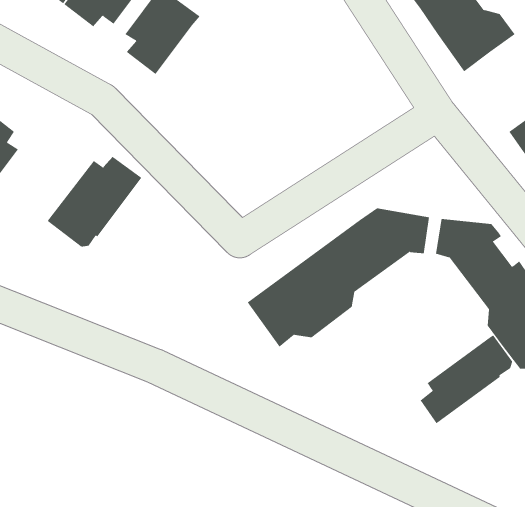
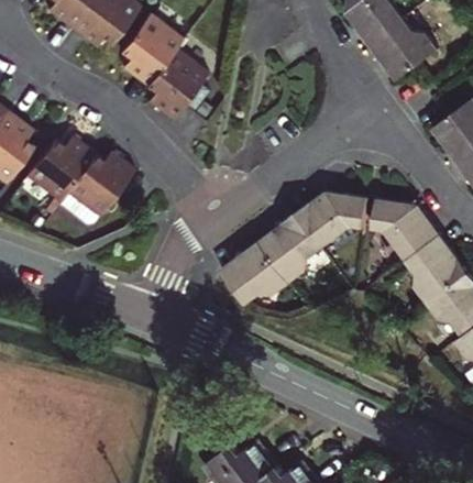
building: none -> [145,43,207,117]
building: none -> [25,133,95,199]
building: [420,334,513,424] -> none

